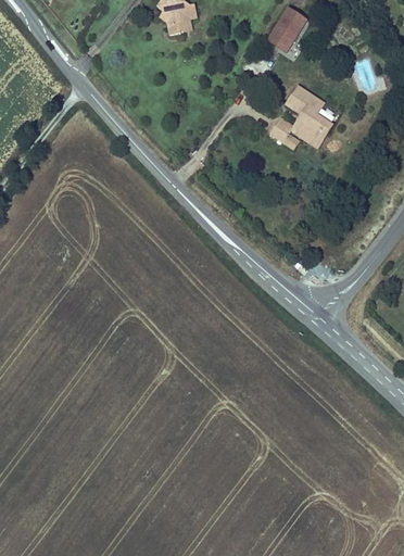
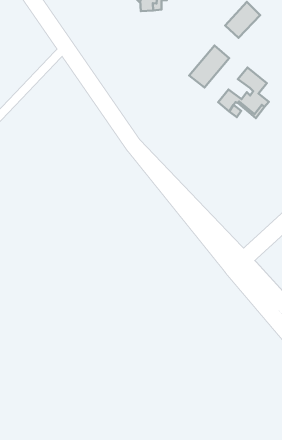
building: none -> [189,46,229,88]

